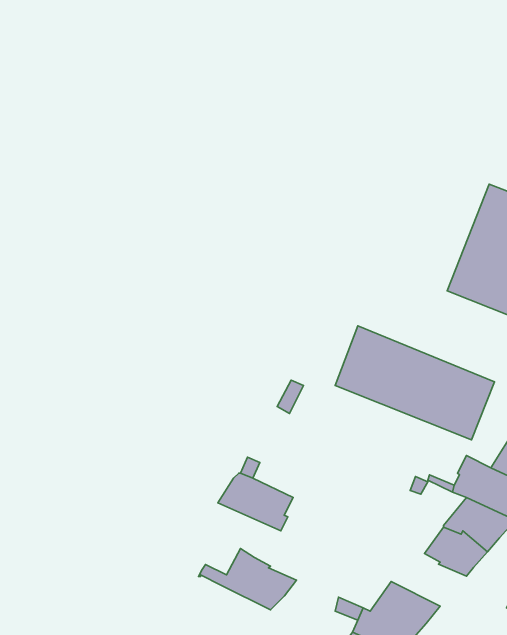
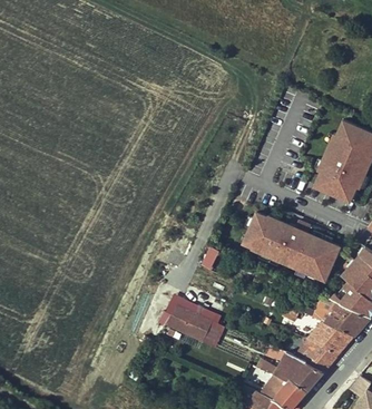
building: [199,549,297,610] -> [261,351,323,390]

